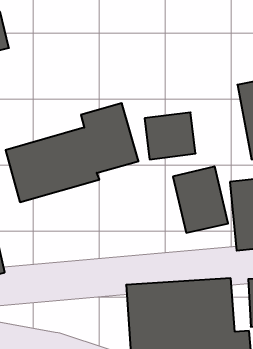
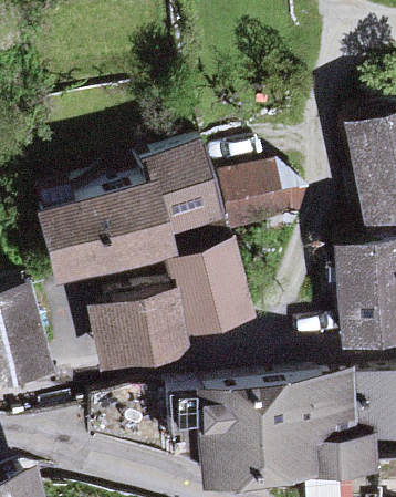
building: [173,167,228,233] -> [169,249,242,336]
building: none -> [90,293,180,369]

